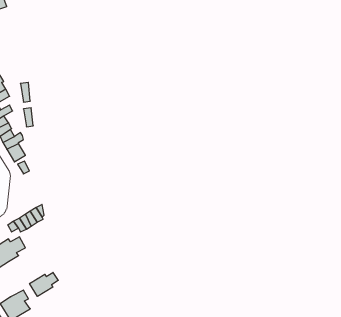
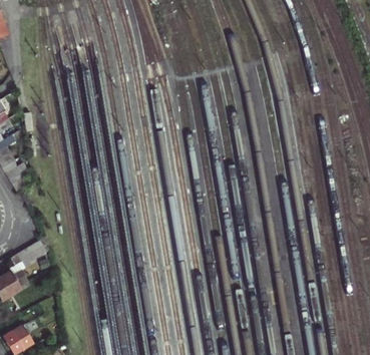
building: [30,272,58,296] -> none

